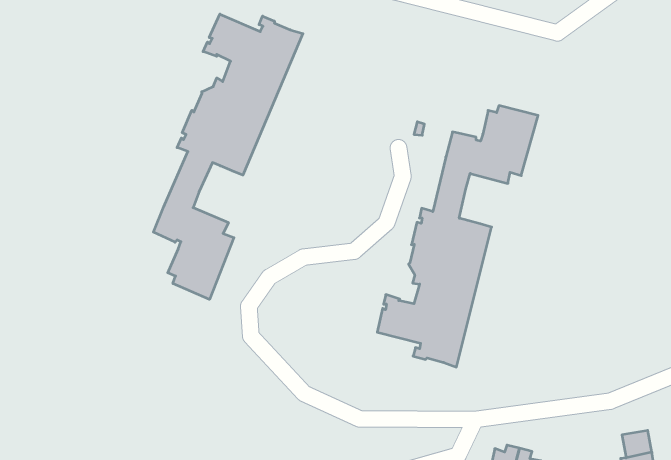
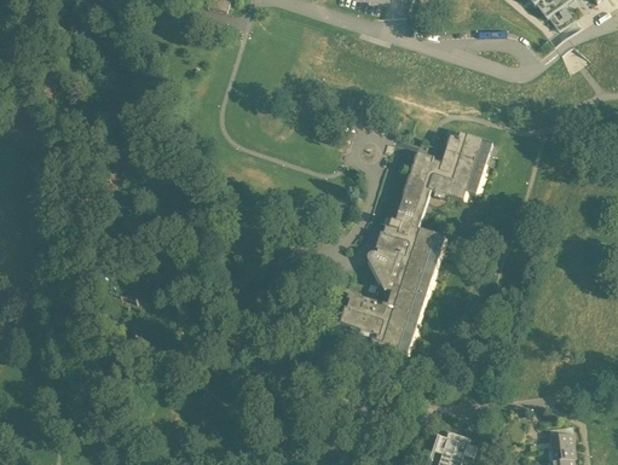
building: [153,14,303,299] -> none

